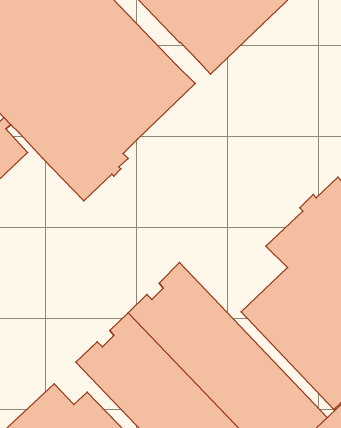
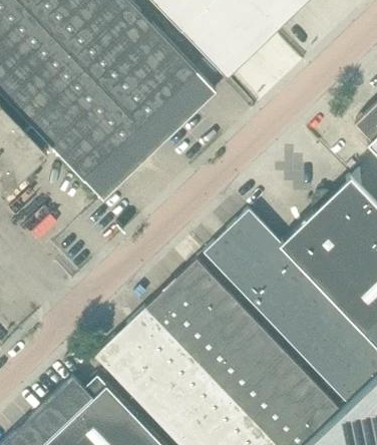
building: none -> [204,209,301,307]

